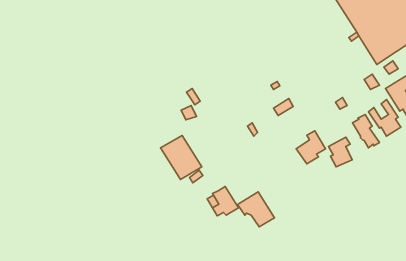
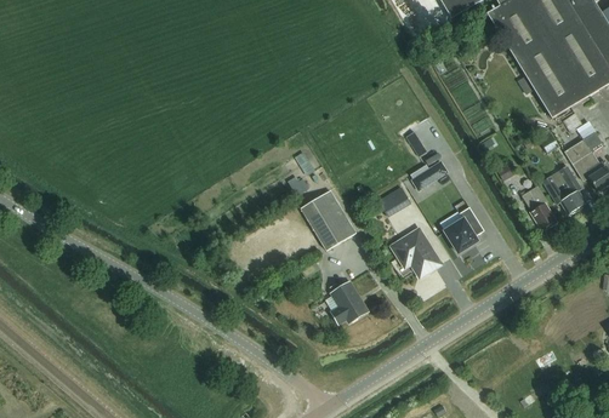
building: [161,135,202,179] -> [300,189,355,248]
building: [329,137,352,167] -> none
building: [238,192,274,227] -> [394,228,444,275]

